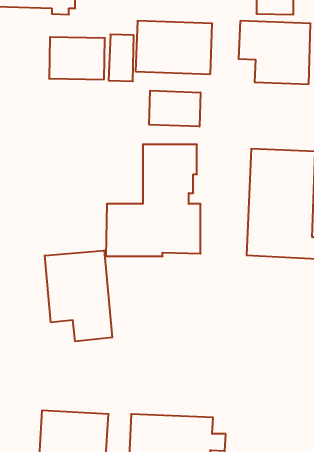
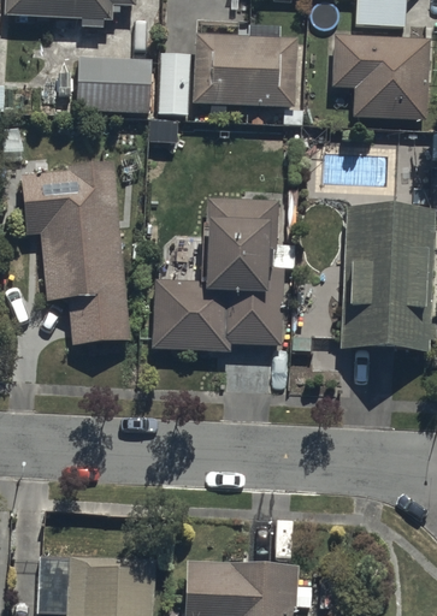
building: [149,91,200,127] -> none
building: none -> [22,161,131,344]
building: [45,250,112,341] -> none

